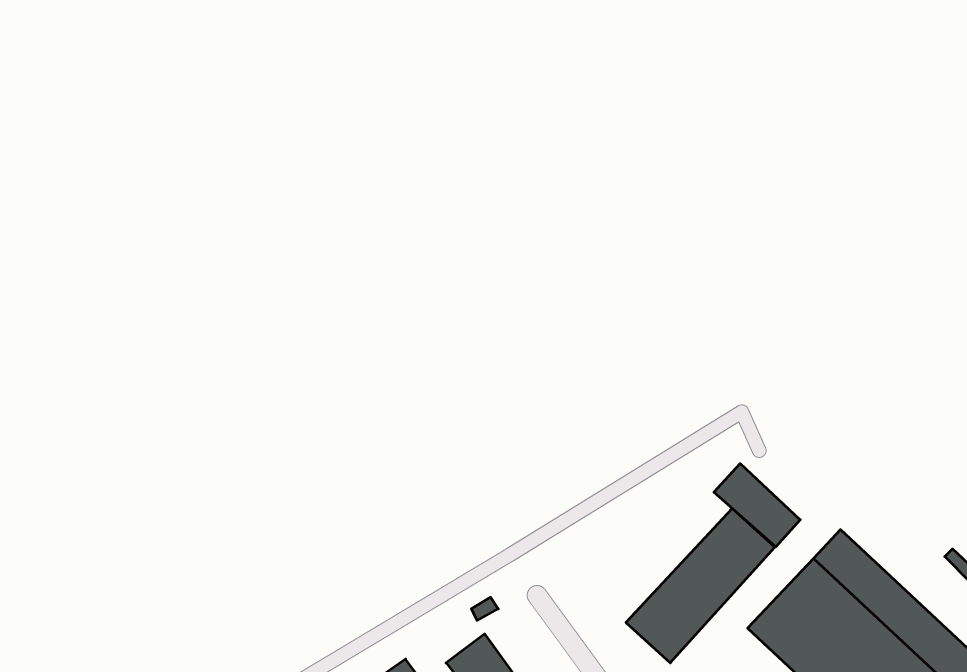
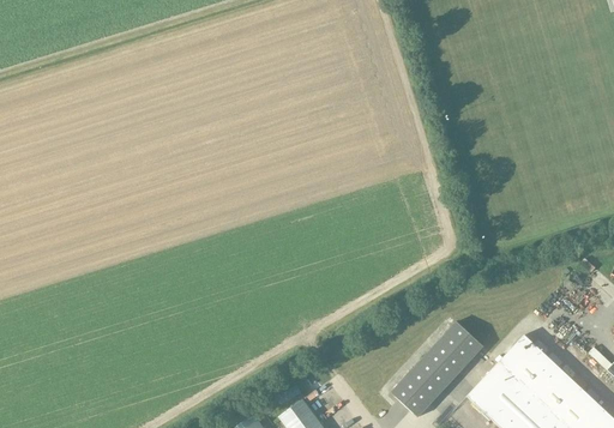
building: [714,464,800,547] -> none

